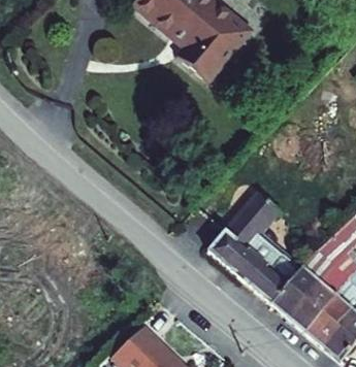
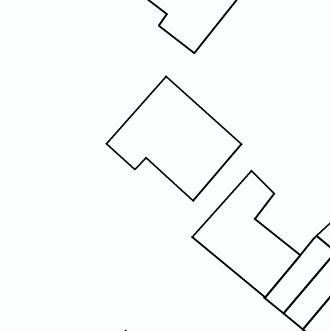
building: none -> [106,76,242,201]

